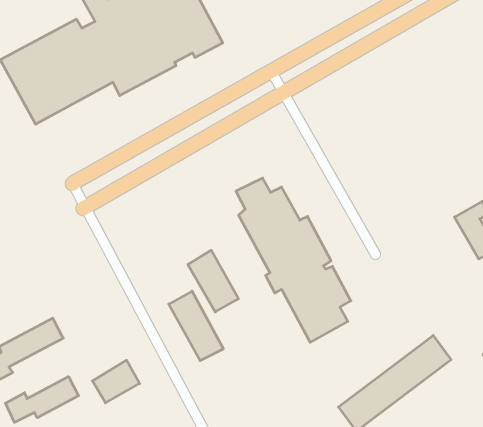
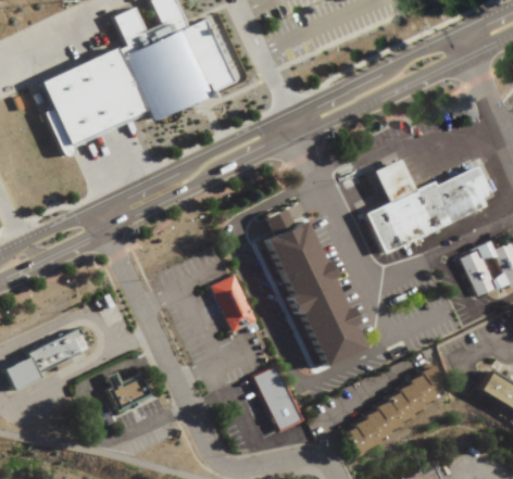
building: none -> [364,161,487,252]
building: [169,291,223,361] -> [251,366,300,432]
building: [5,377,79,422] -> none

